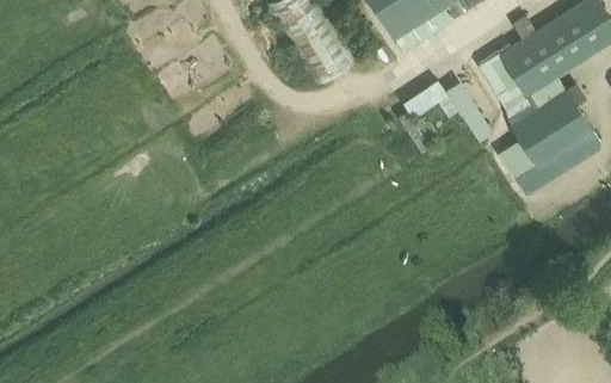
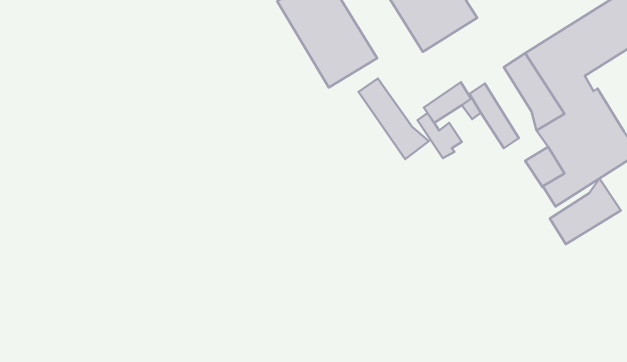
building: none -> [359,78,429,159]
building: none -> [550,178,621,244]

